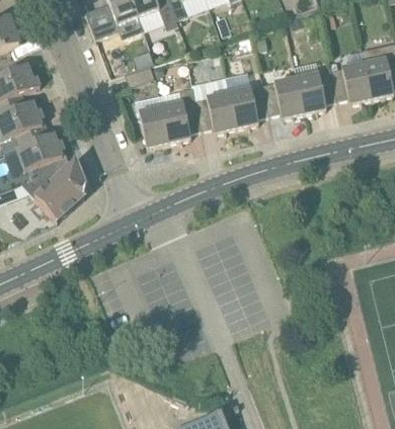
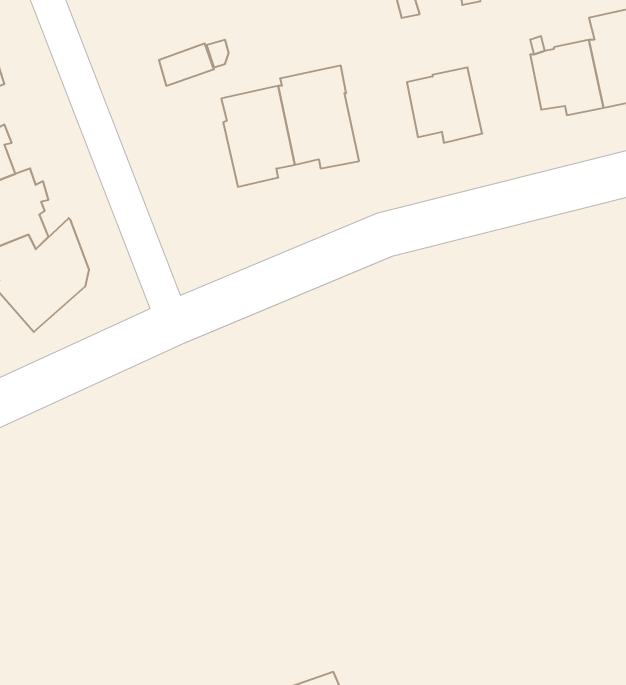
building: [295,69,335,112] -> none
building: [227,84,267,127] -> none
building: [139,106,168,147] -> none

